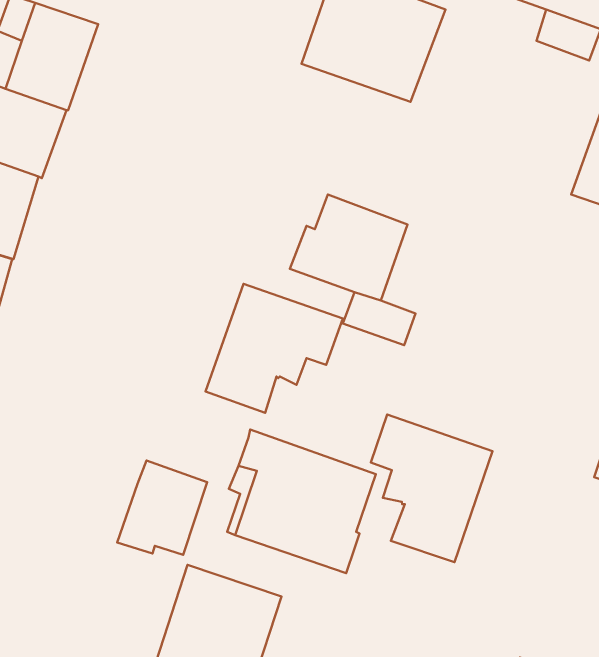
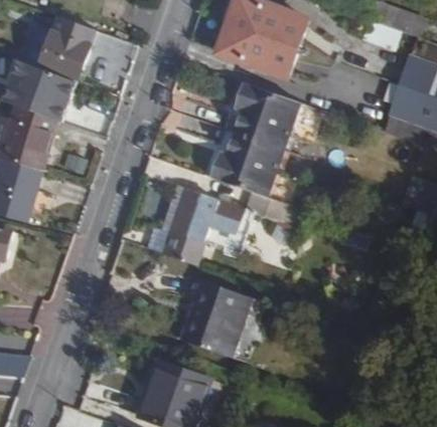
building: none -> [235,82,300,150]
building: [371,415,493,562] -> none
building: [117,460,207,555] -> none

